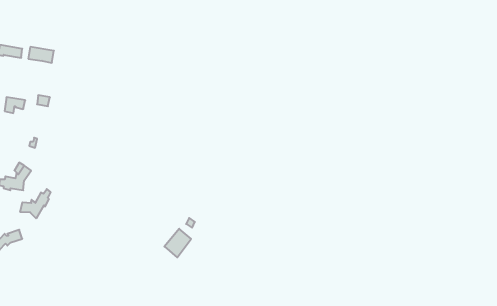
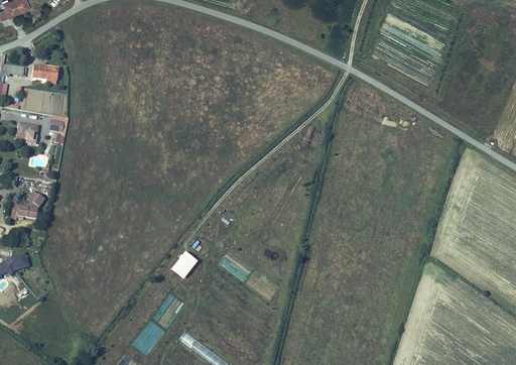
building: [20,189,51,218] -> none

